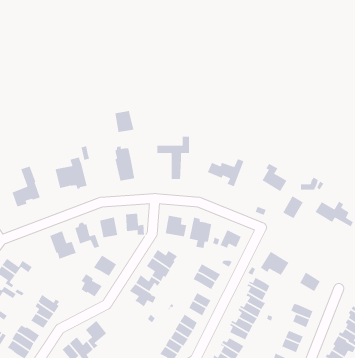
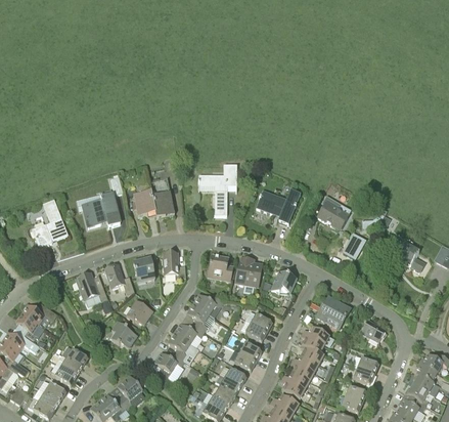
building: [114,110,135,134] -> [133,189,156,216]
building: none -> [153,351,184,377]

